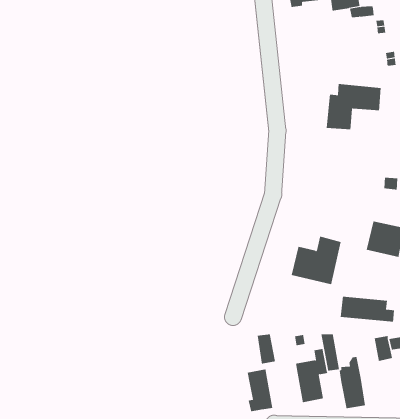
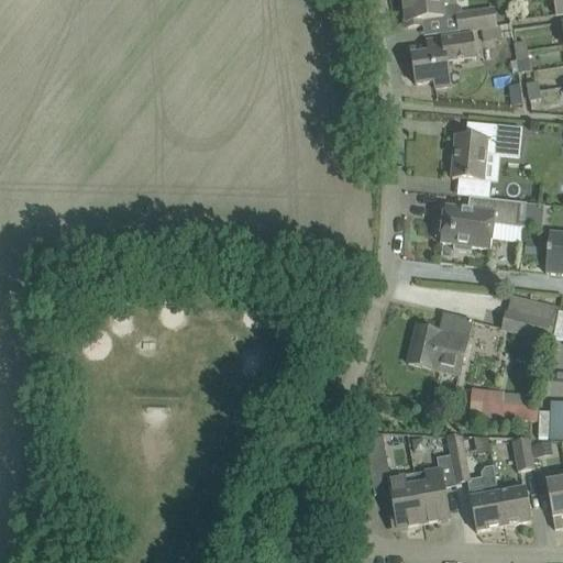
building: none -> [411,31,476,86]
building: none -> [435,196,526,250]
building: [247,369,273,412] -> [389,472,422,526]
building: none -> [497,485,532,525]

